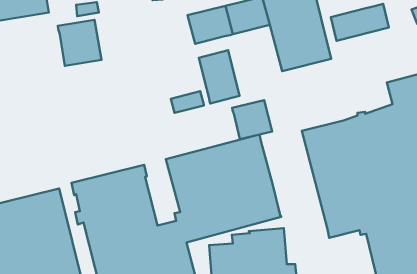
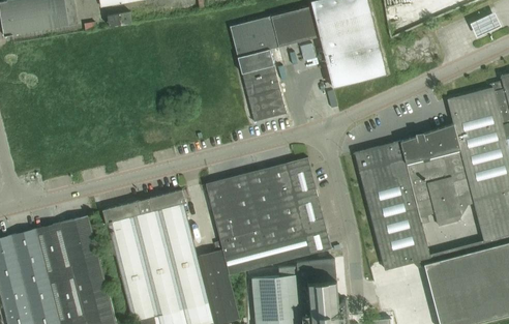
building: [331,4,389,41] -> none
building: [58,20,101,66] -> none
building: [171,91,204,113] -> [238,49,274,72]
building: [232,100,272,139] -> none

